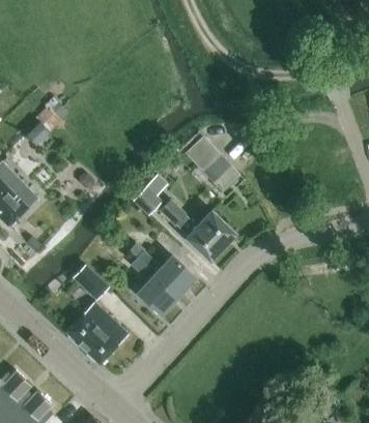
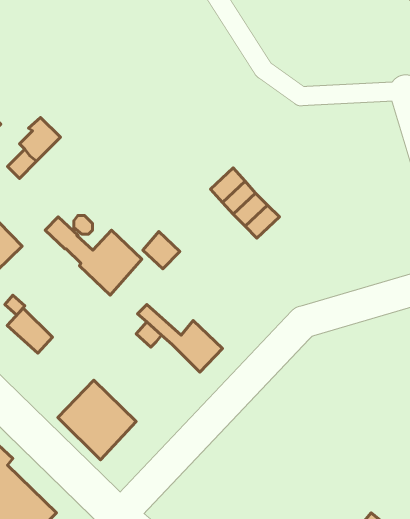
building: [161,200,236,261] -> [45,217,142,295]
building: [74,265,109,300] -> [7,308,52,353]
building: [139,274,178,314] -> none

